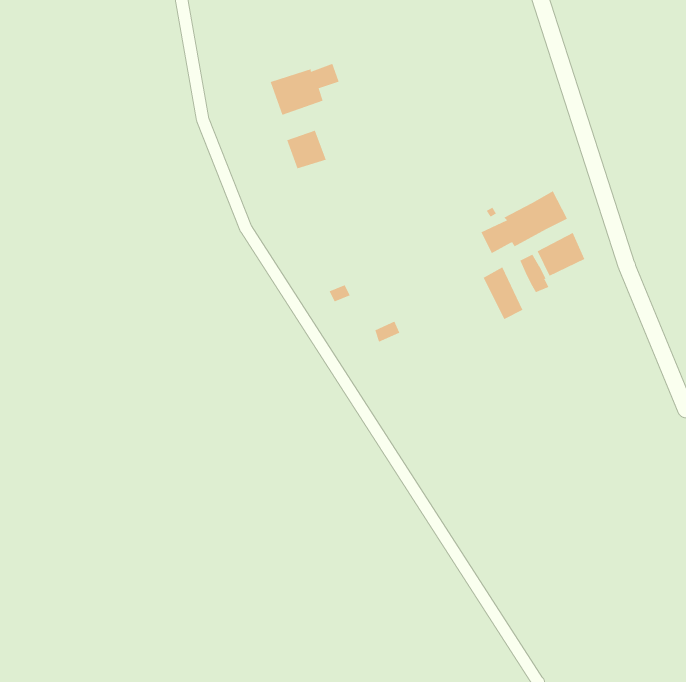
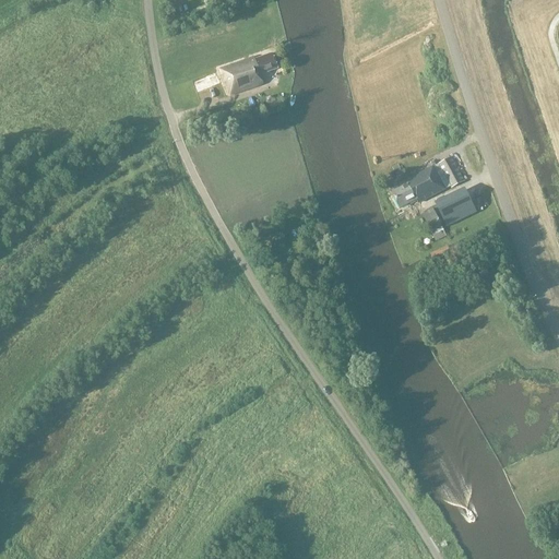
building: [286,130,326,169] -> none
building: [483,267,523,320] -> none

